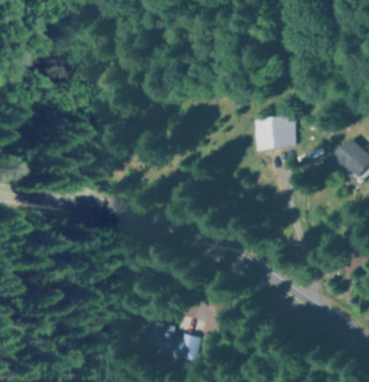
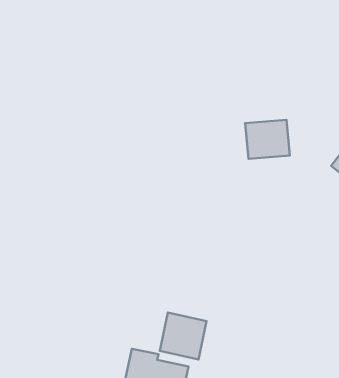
building: none -> [160,312,206,359]

